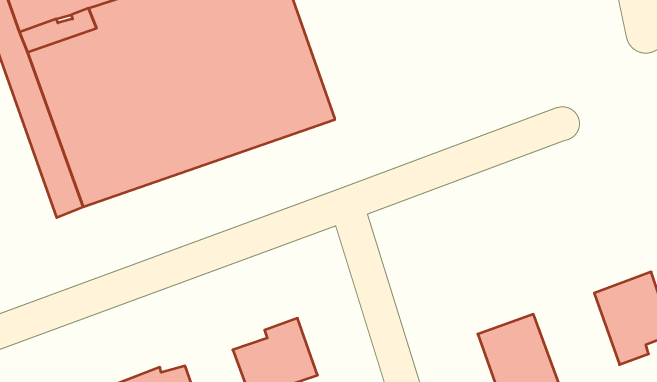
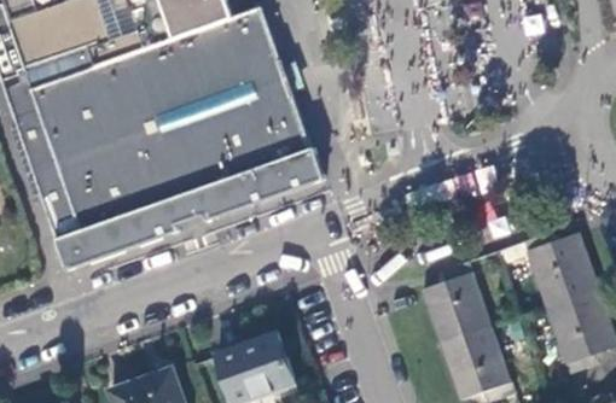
building: none -> [57,147,325,271]
building: none -> [523,230,599,308]
building: none -> [420,261,492,345]

